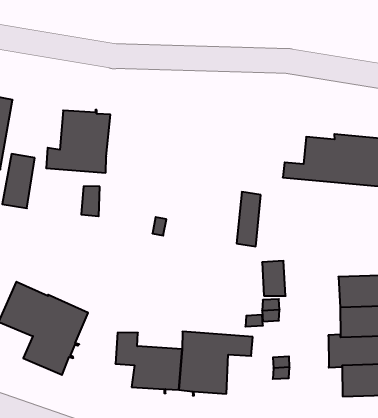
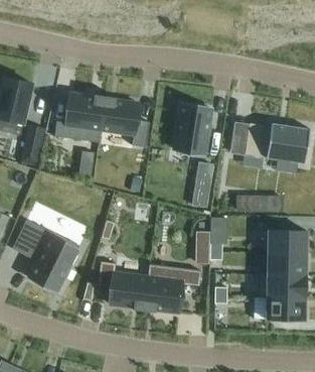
building: none -> [100,98,149,147]
building: none -> [174,105,210,154]
building: none -> [237,195,284,211]

